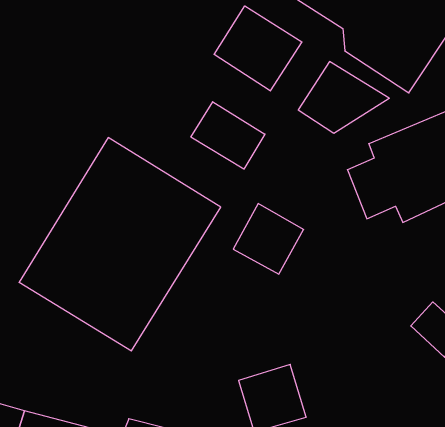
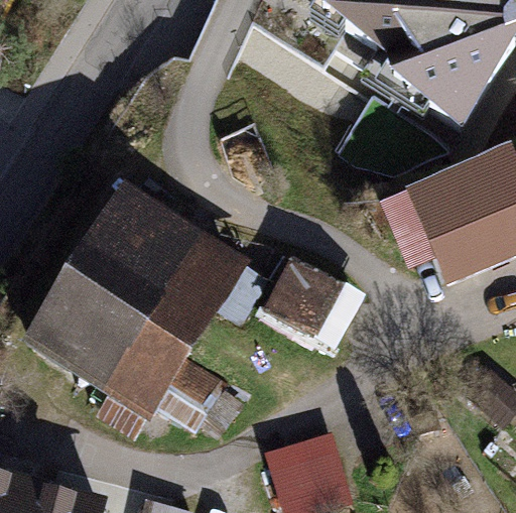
building: [214,6,302,91] -> none
building: [191,102,265,169] -> none

